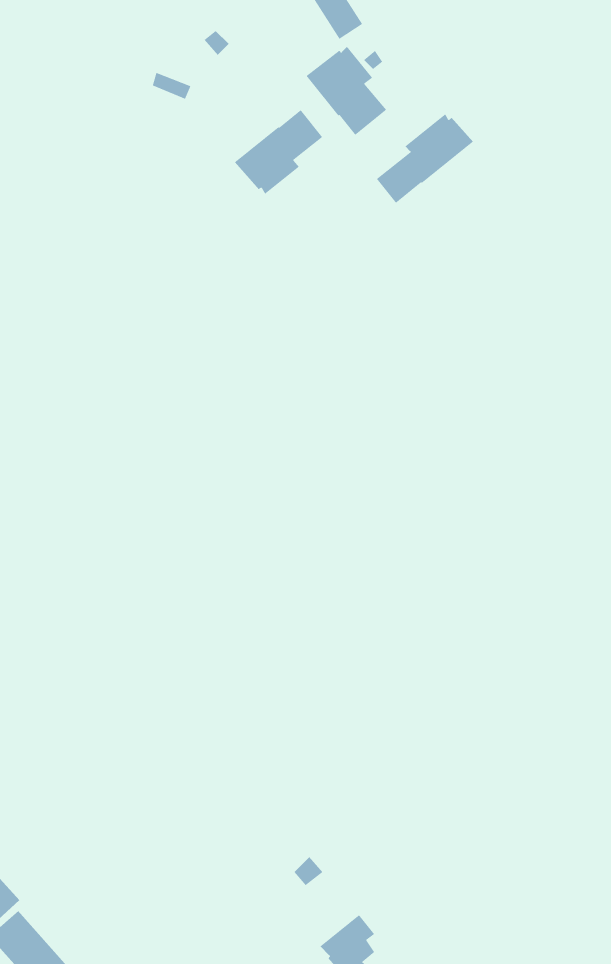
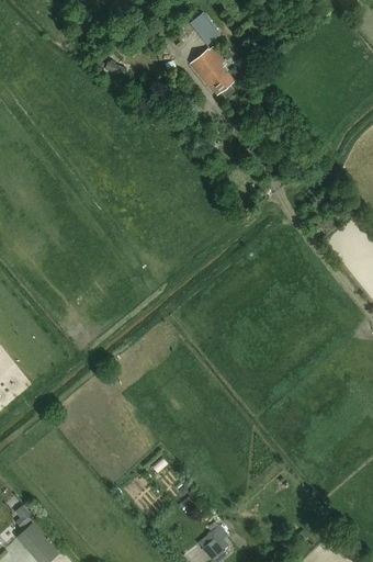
building: [234,109,323,195] -> none
building: [376,113,474,204] -> none

